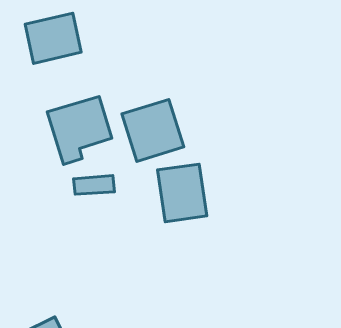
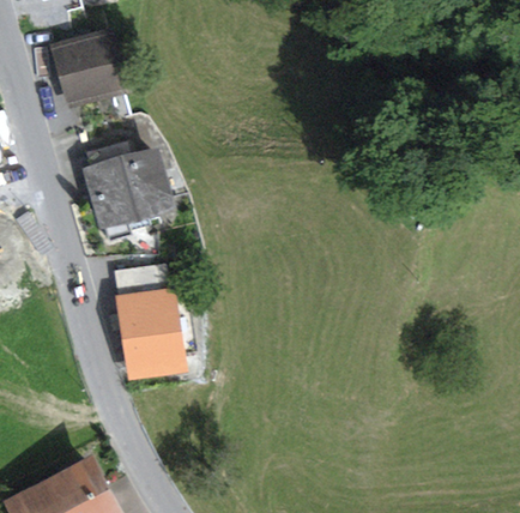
building: [122,99,184,161] -> none
building: [157,164,207,222] -> [117,292,187,374]

